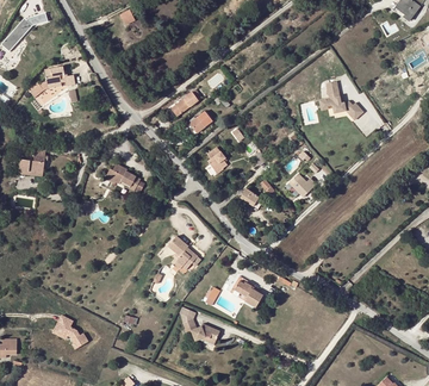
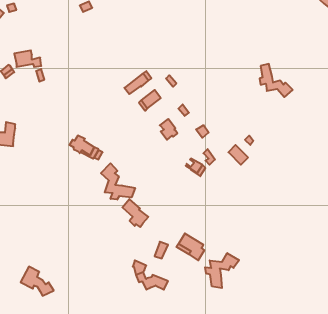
building: none -> [101,163,135,200]
building: none -> [205,253,239,288]

